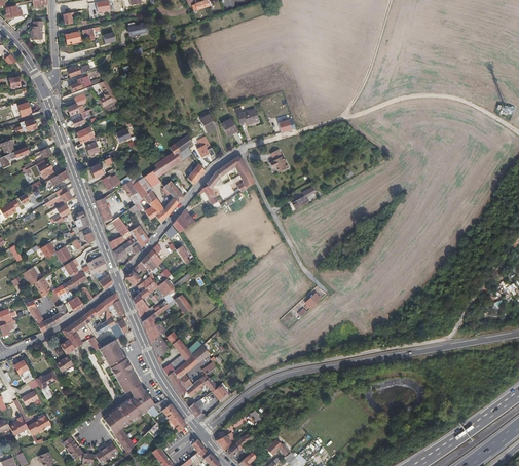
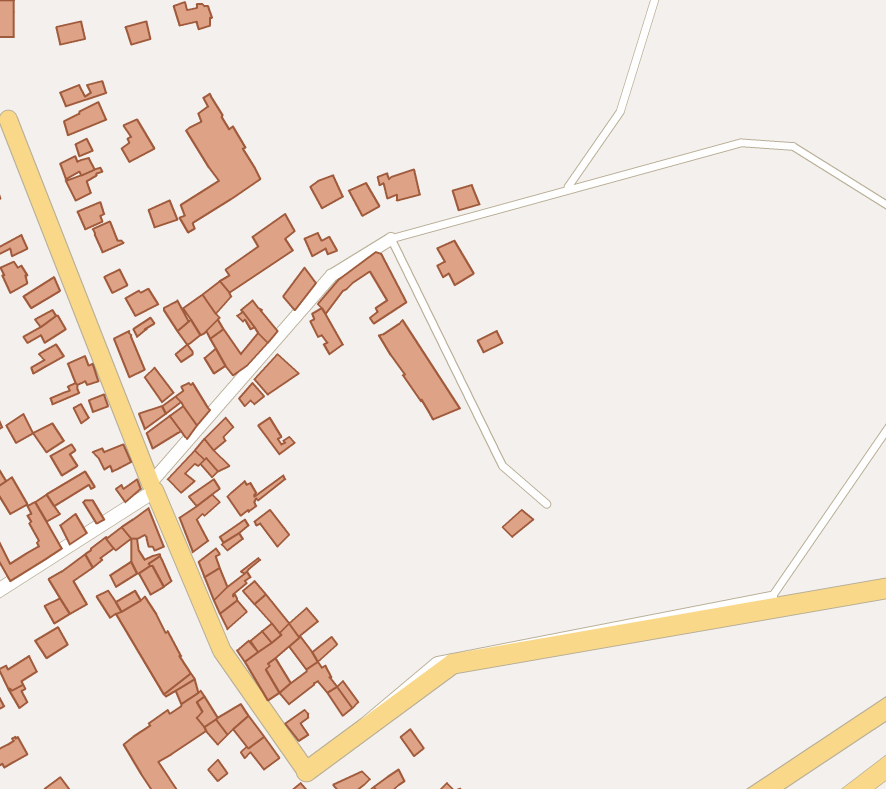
building: none -> [180,94,260,233]
building: none -> [379,320,460,420]

